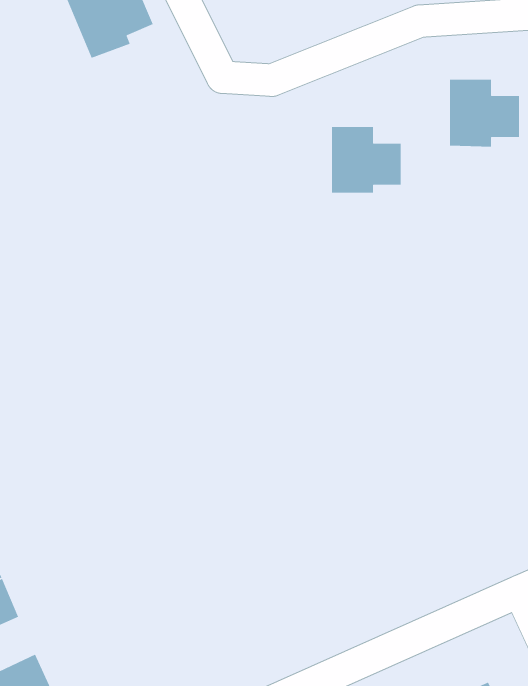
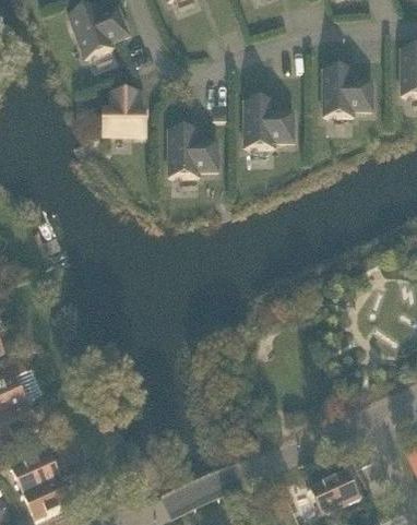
building: none -> [105,91,144,130]
building: none -> [169,128,217,174]

